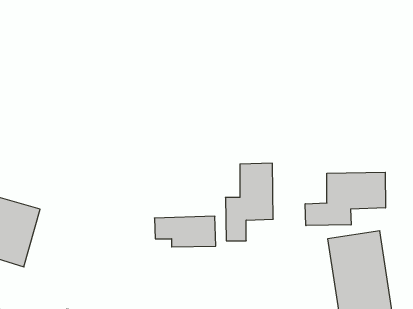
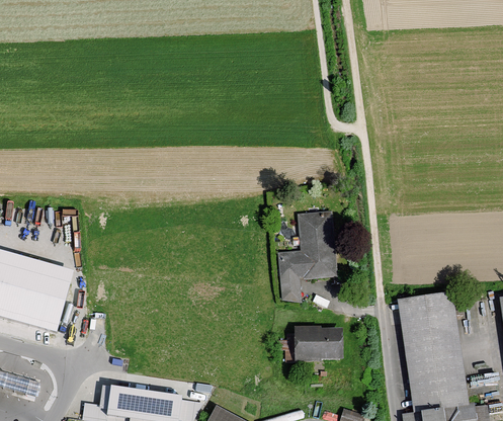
building: [305,172,385,226] -> none
building: [154,216,216,247] -> [273,328,342,362]

